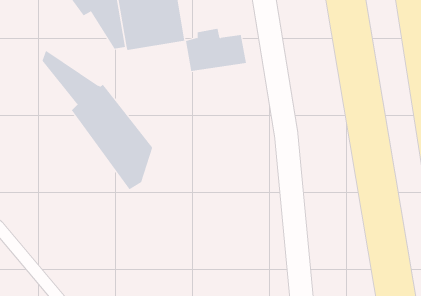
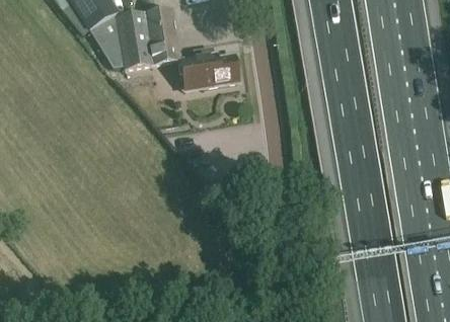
building: [42,50,153,190] -> none

